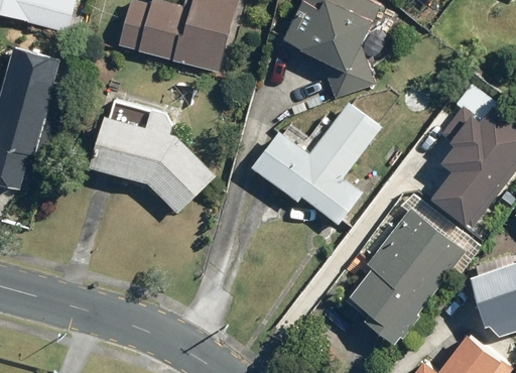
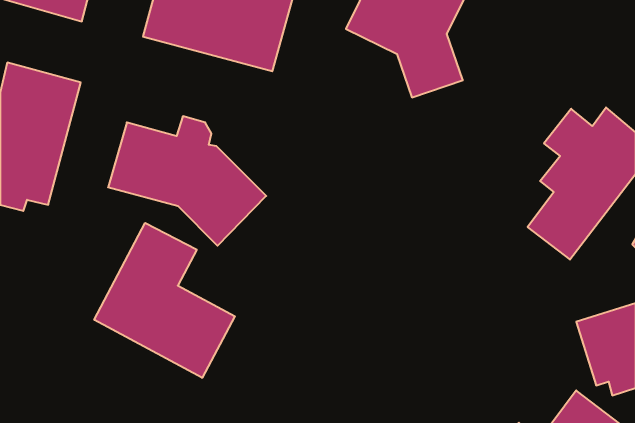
building: [248,99,383,225] -> none
building: none -> [94,223,235,378]
building: [346,206,468,345] -> none

